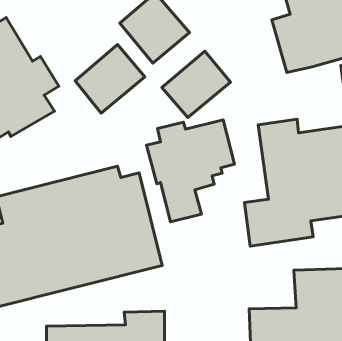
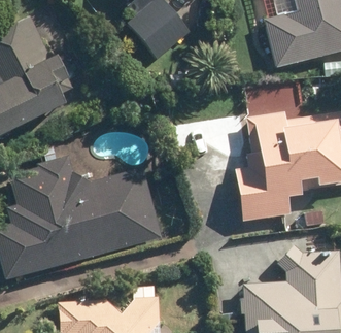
building: [75,45,145,113] -> none
building: [162,51,231,117] -> none
building: [146,120,235,222] -> none

